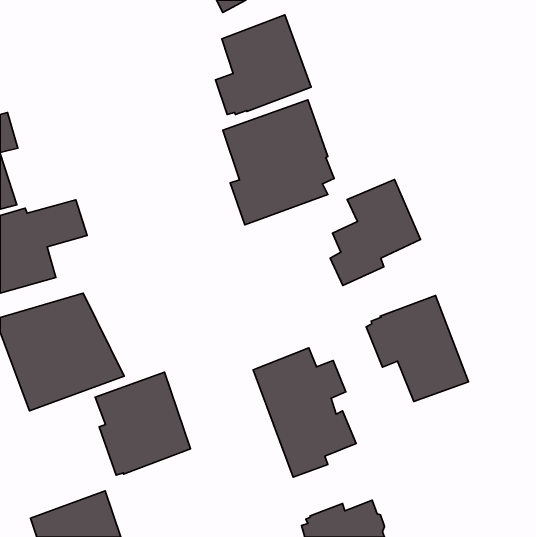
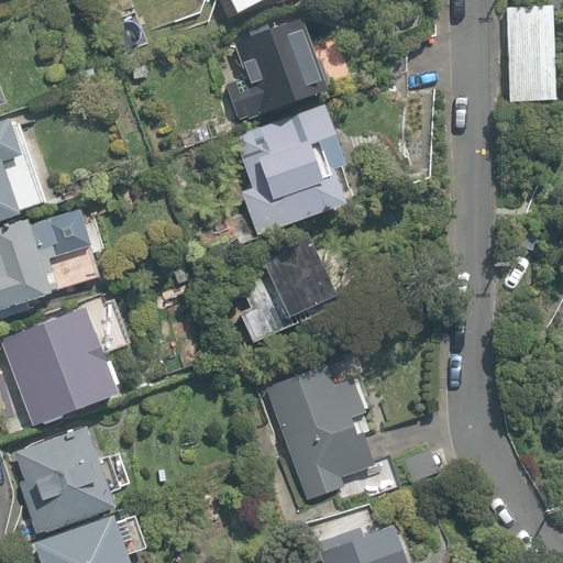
building: none -> [504,7,554,106]
building: [330,180,421,286] -> [240,231,334,342]
building: [366,296,468,402] -> none
building: [95,372,191,475] -> [14,426,114,533]

